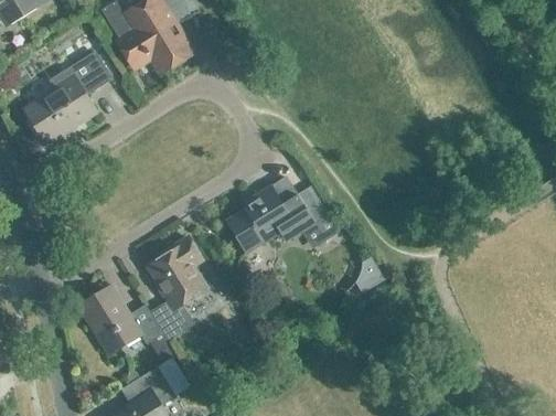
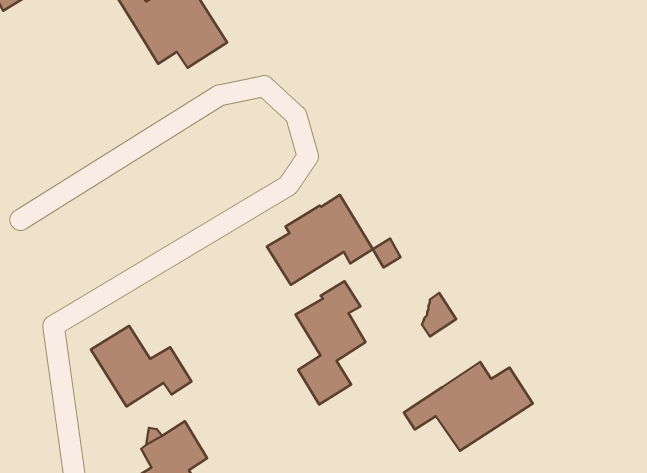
building: [24,52,111,142] -> none
building: [148,237,206,340] -> [295,281,366,404]
building: none -> [404,362,533,451]

